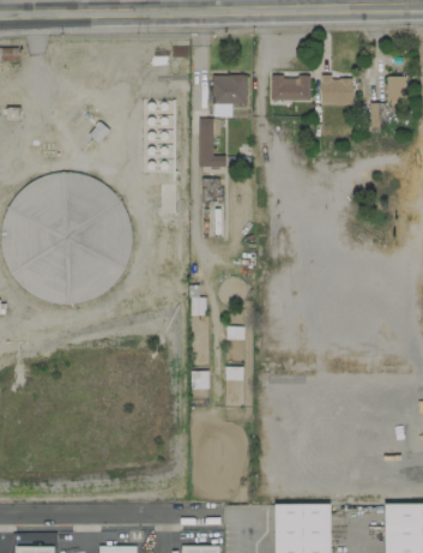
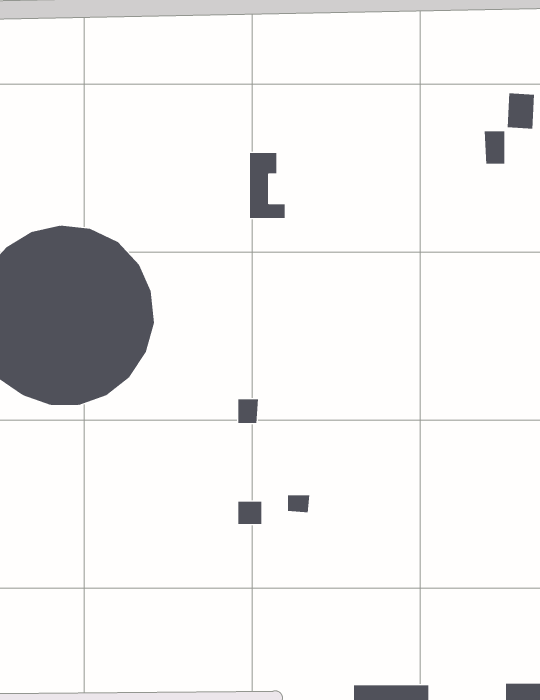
building: [322,74,355,106] -> none
building: [214,76,247,116] -> none
building: [273,77,312,101] -> none

